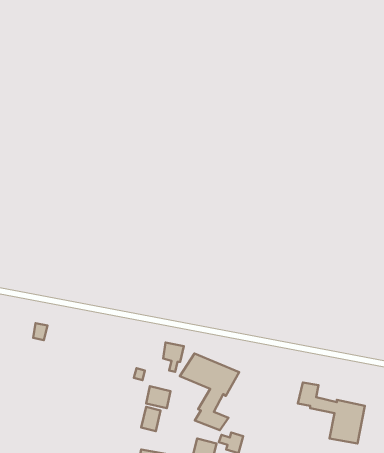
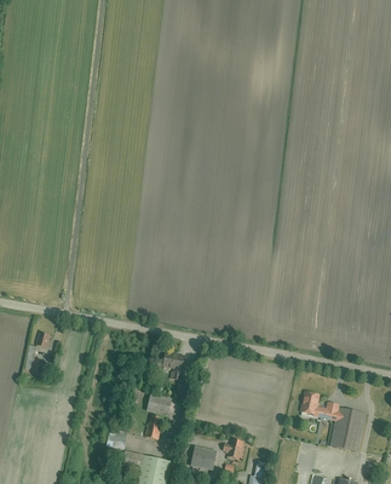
building: [180,354,239,430] -> none

